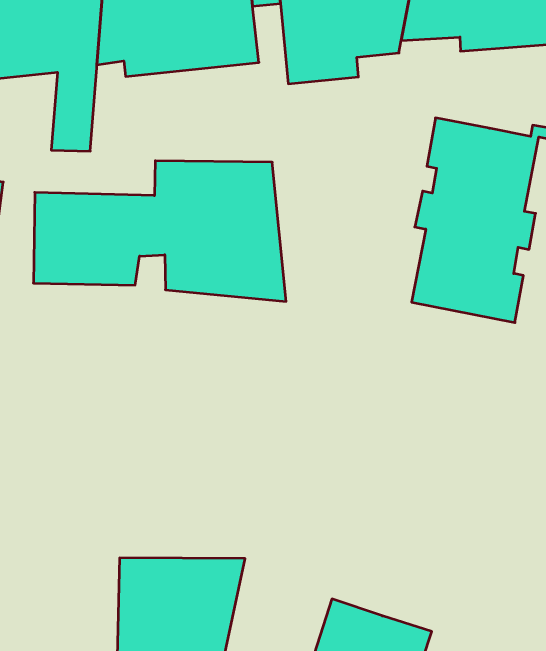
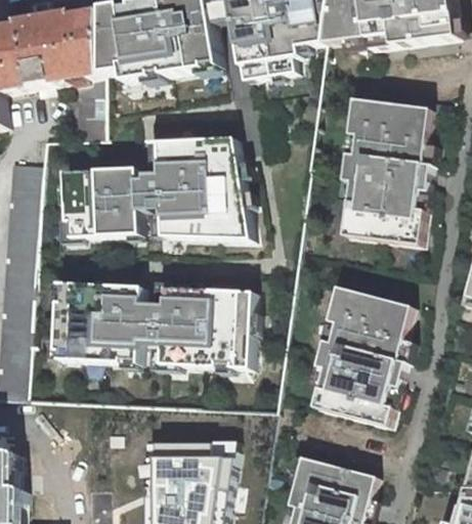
building: none -> [56,282,256,367]
building: none -> [313,285,412,424]

